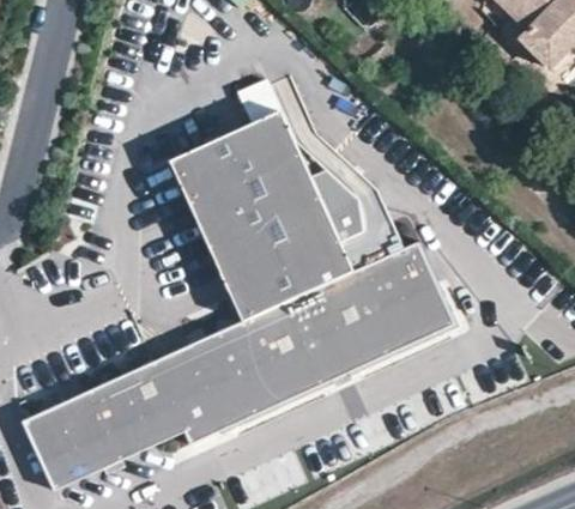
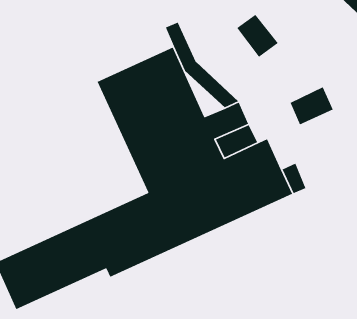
building: none -> [236,14,279,58]
building: none -> [290,86,334,125]

